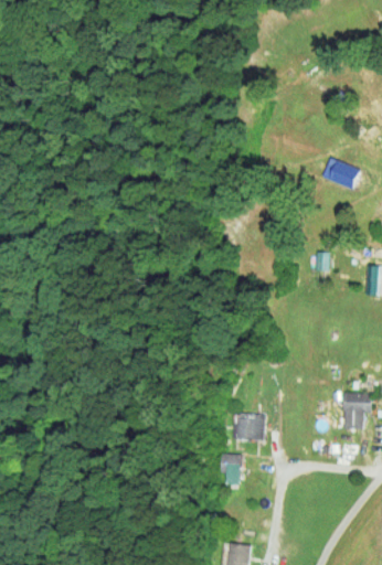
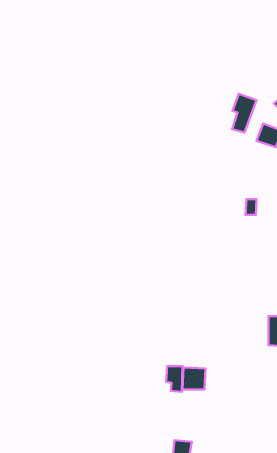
building: none -> [232,94,256,132]
building: [236,413,264,439] -> [183,367,205,389]

